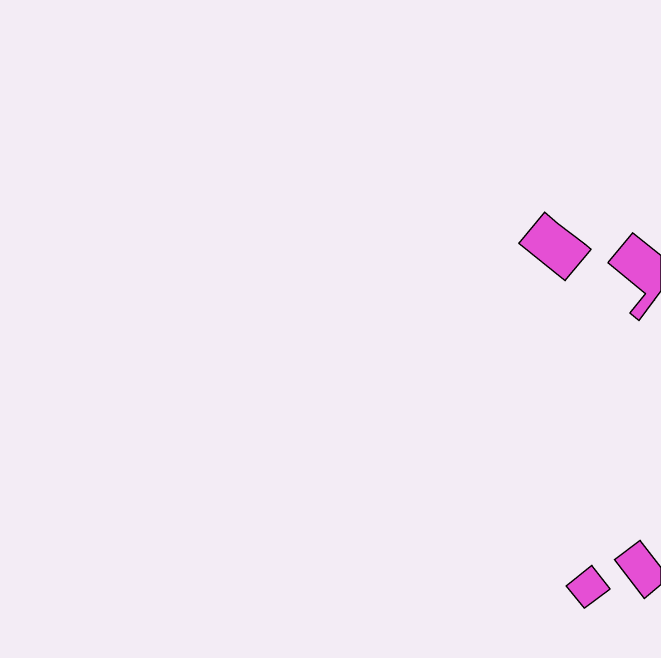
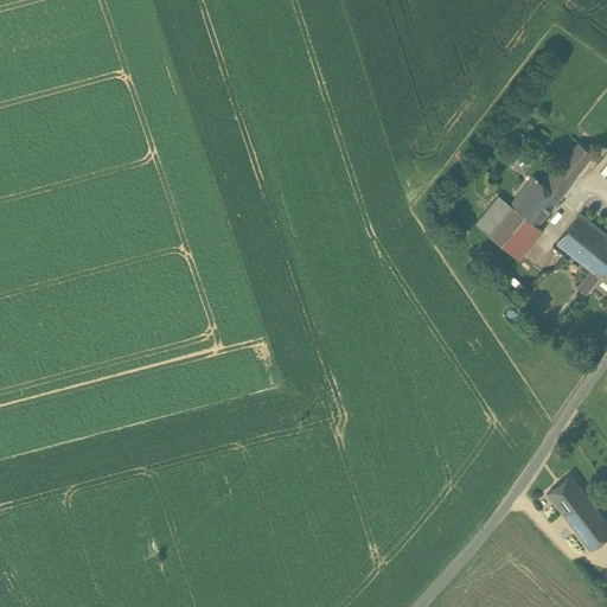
building: none -> [511,143,594,226]
building: [566,565,610,608] -> [547,477,587,516]

